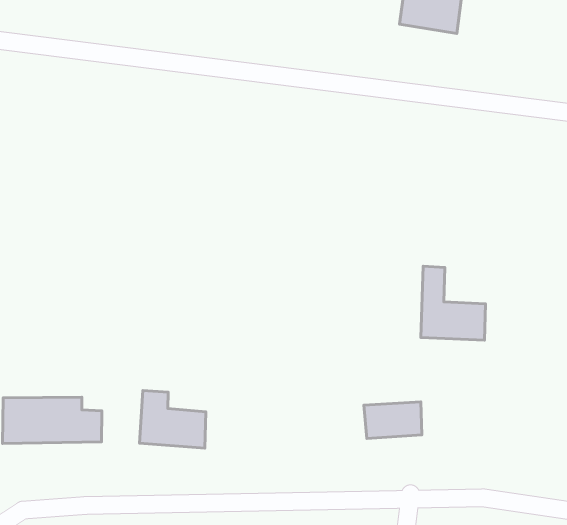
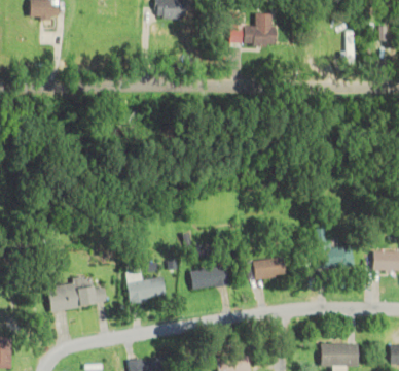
building: [421,266,486,340] -> [314,229,354,270]
building: none -> [188,268,226,289]

